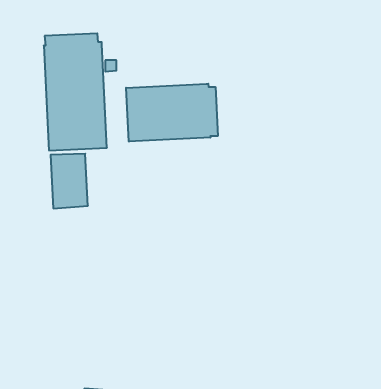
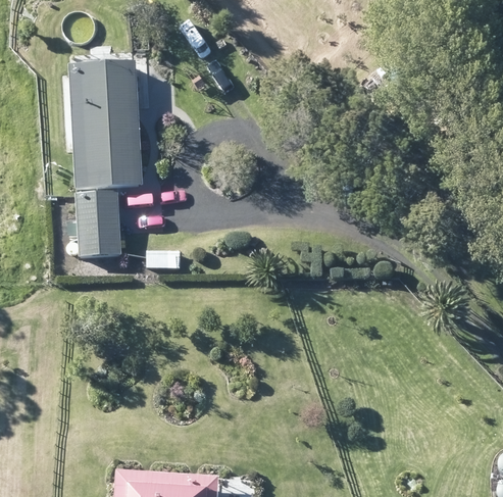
building: [126,84,218,142] -> none

